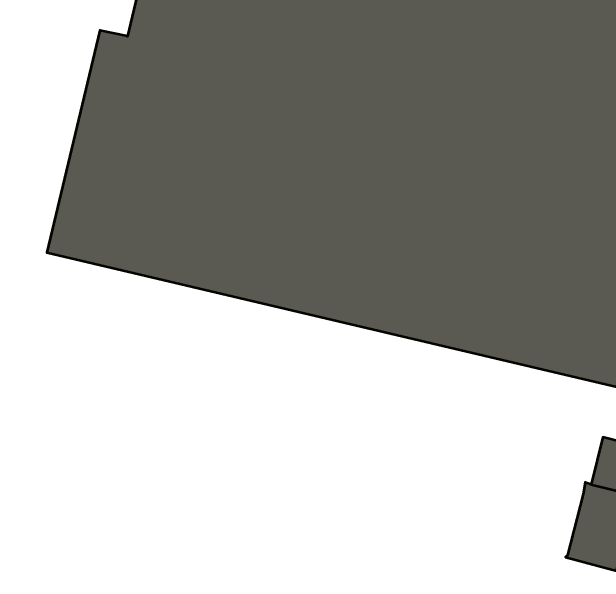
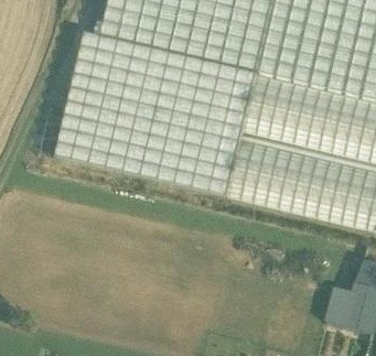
building: none -> [326,285,356,325]

